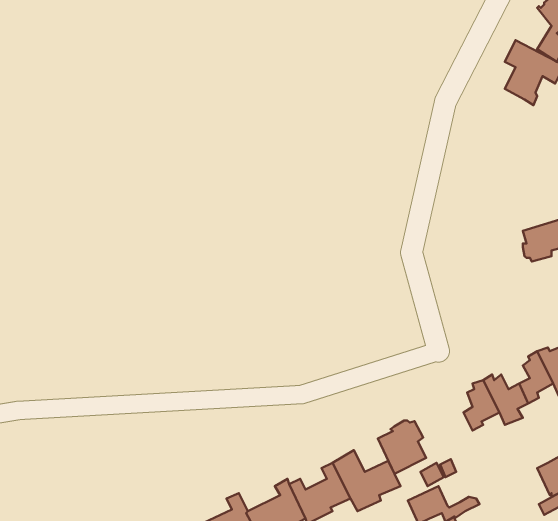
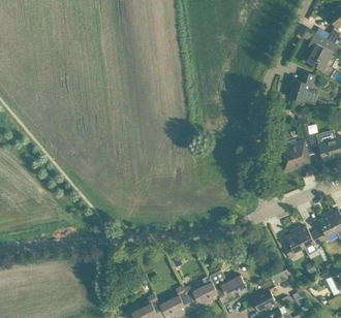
building: none -> [289,70,315,101]
building: none -> [282,117,314,171]
building: [378,420,426,474] -> none

